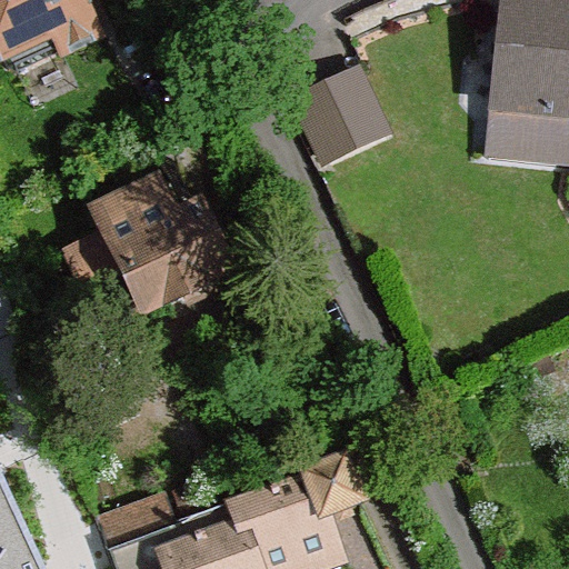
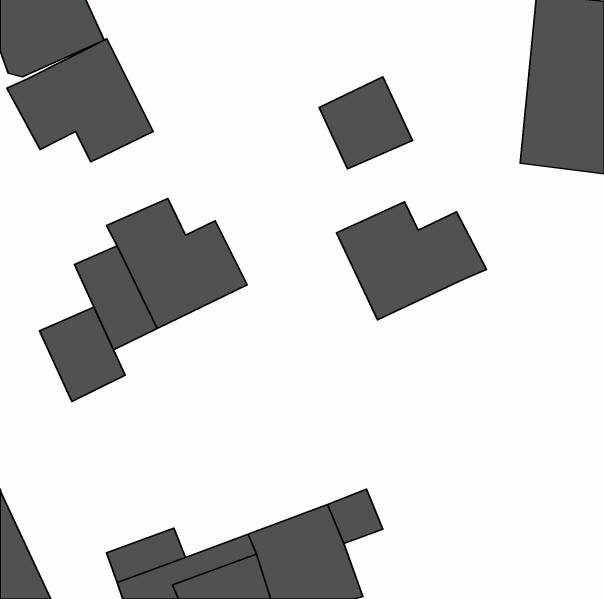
building: none -> [7,39,153,162]
building: none -> [337,202,486,320]
building: none -> [39,307,125,401]

